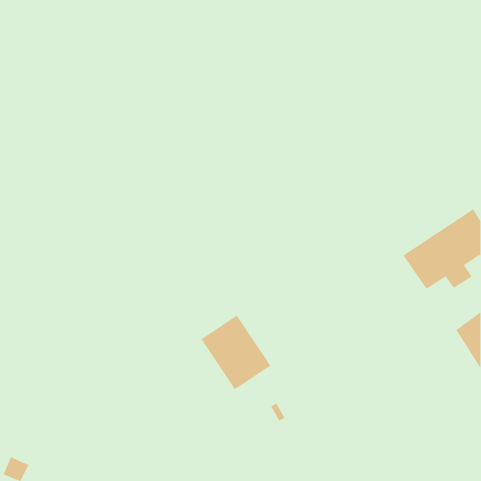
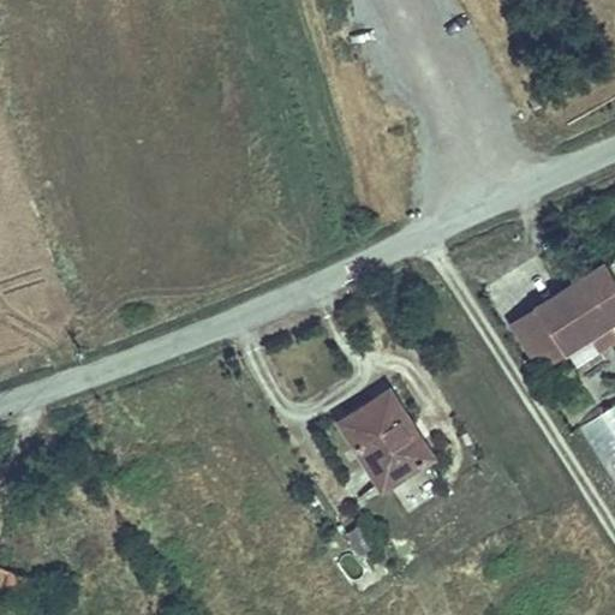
building: [200,315,271,390] -> [344,390,434,486]

